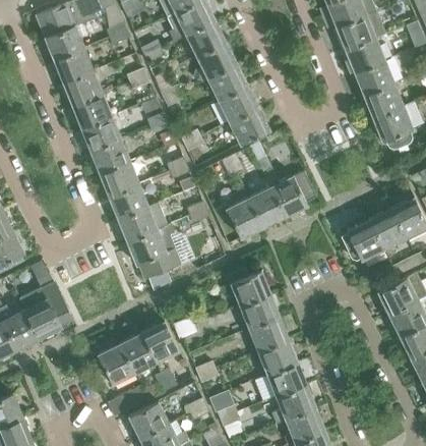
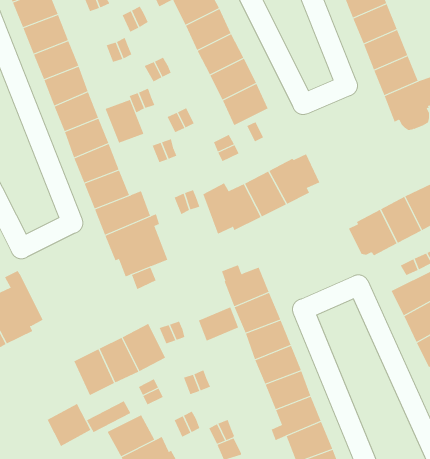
building: none -> [105,99,144,144]
building: none -> [198,307,239,341]
building: none -> [47,403,91,447]

